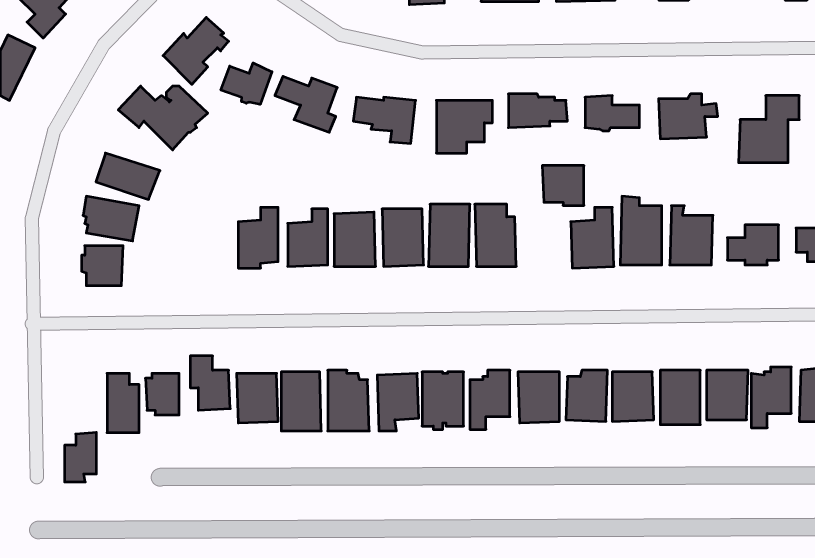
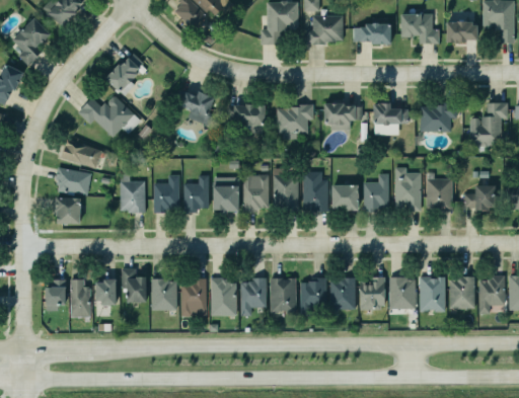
building: [221,63,272,104] -> none
building: [542,166,584,205] -> [330,185,357,211]
building: none -> [118,180,144,213]
building: [65,432,96,482] -> [46,280,66,311]

